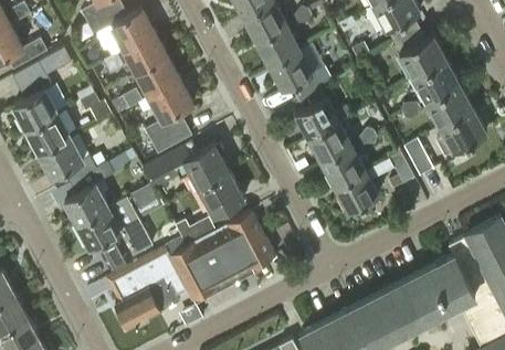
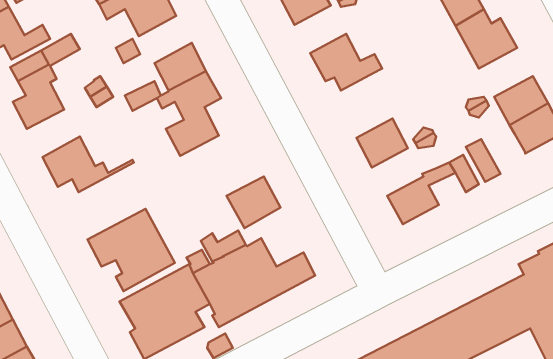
building: [255,25,299,66] -> none
building: [122,34,167,75] -> none
building: [413,62,460,104] -> none
building: [295,81,349,139] -> none
building: [25,115,71,156] -> none
building: [143,145,229,193] -> none
building: [322,148,366,189] -> none
building: [64,160,127,226] -> none
building: [227,213,263,250] -> none

